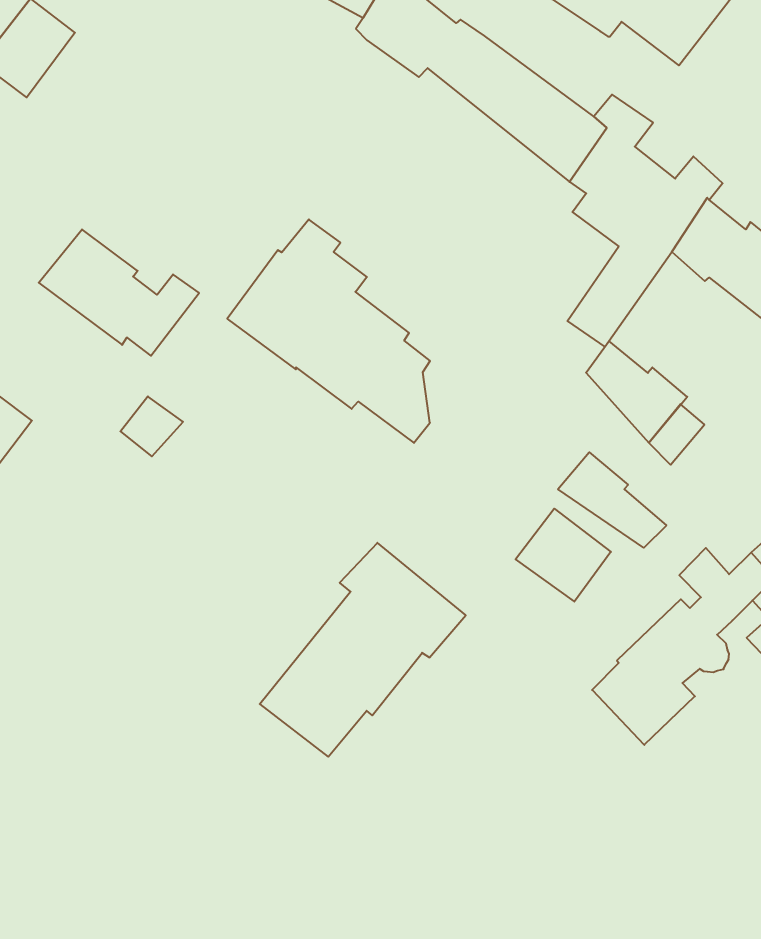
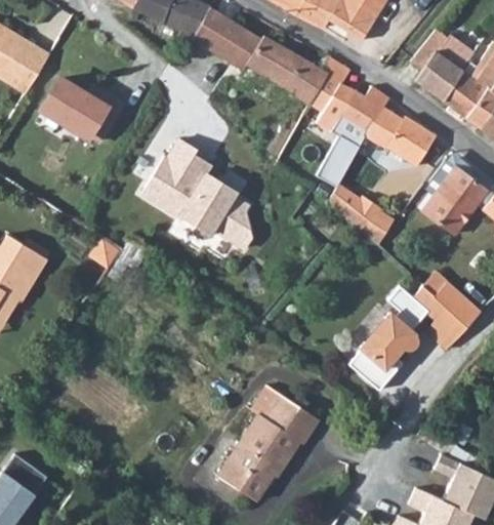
building: [39,229,199,356] -> [40,77,123,138]
building: [558,452,666,548] -> none
building: [516,509,611,602] -> none
building: [260,543,466,757] -> [217,387,319,499]

